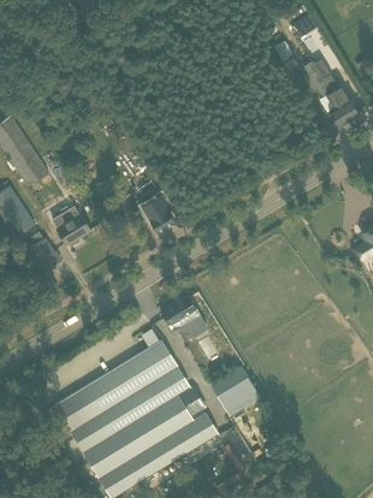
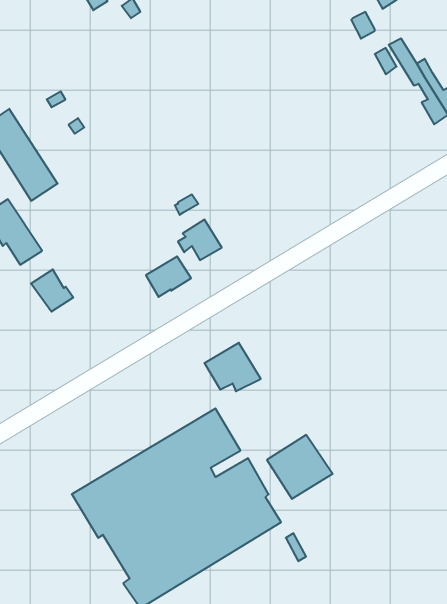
building: [53,209,88,241] -> [146,256,191,297]

